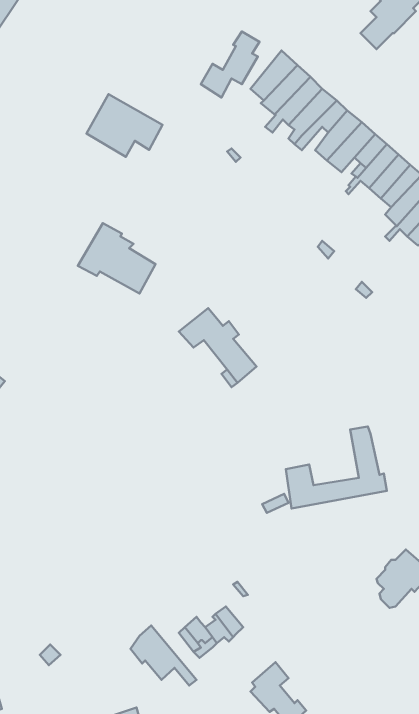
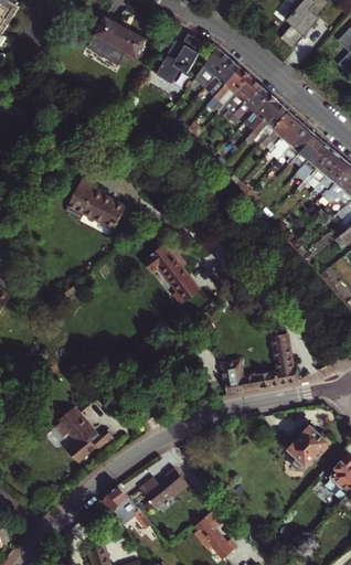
building: [86,94,162,157] -> [88,17,146,64]
building: none -> [55,411,115,454]

